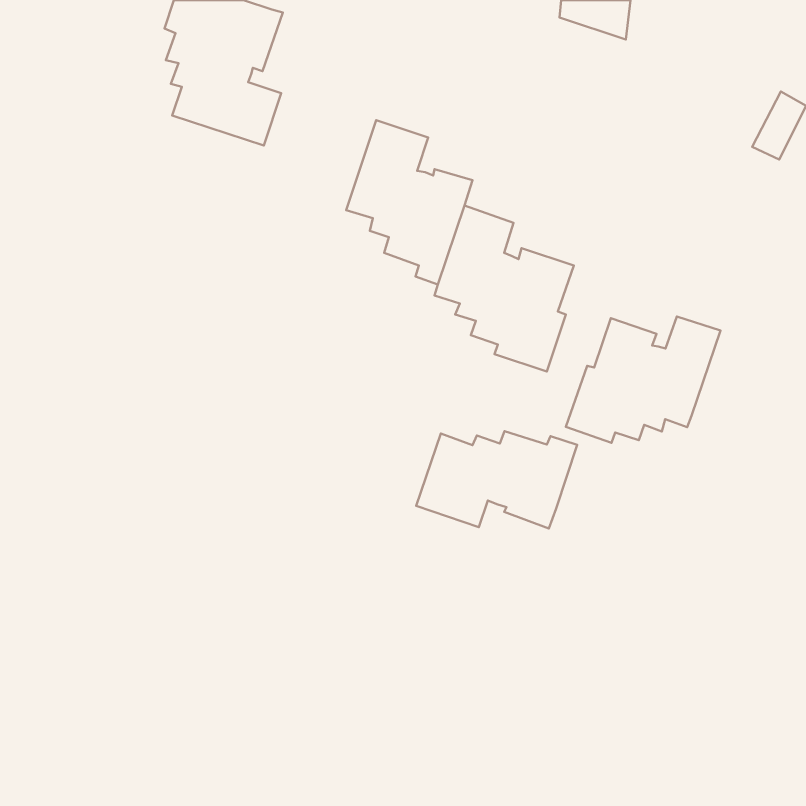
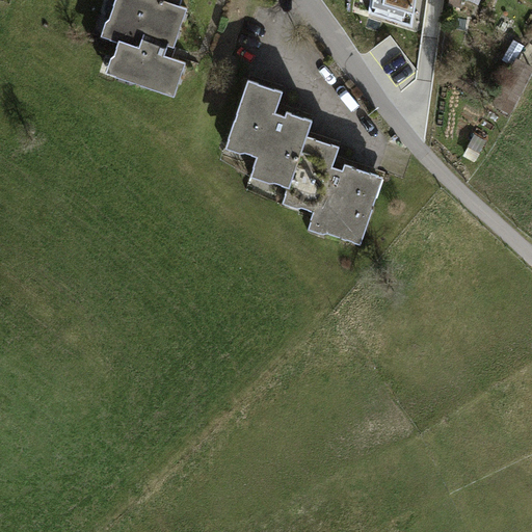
building: [566,317,720,443] -> none
building: [416,431,577,528] -> none

